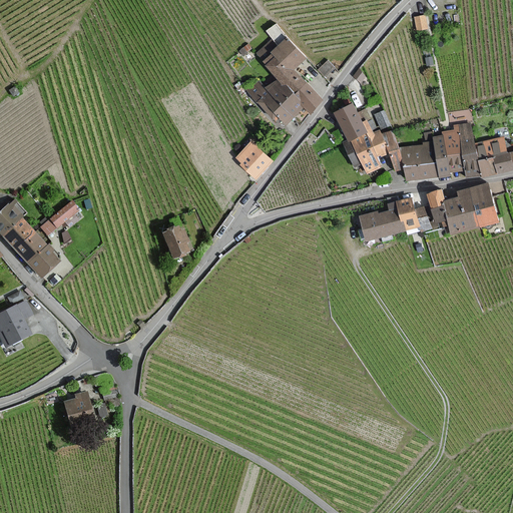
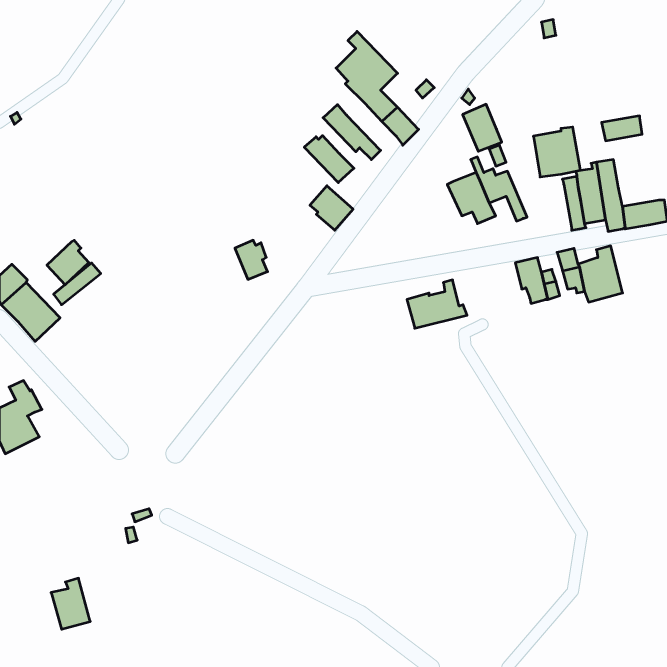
building: [266,79,304,115] -> [304,136,354,183]
building: [335,103,365,139] -> [463,104,502,151]
building: [474,139,505,158] -> [602,116,642,141]
building: [402,141,438,179] -> [533,127,581,177]
building: [468,183,496,224] -> none
building: [360,201,406,238] -> [407,280,467,328]
building: [163,226,188,256] -> [235,240,268,279]
building: [27,242,59,277] -> [47,240,89,285]
building: [63,392,93,431] -> [51,578,90,629]

